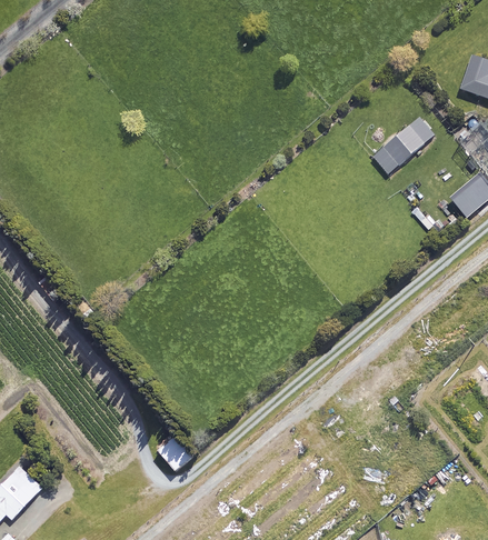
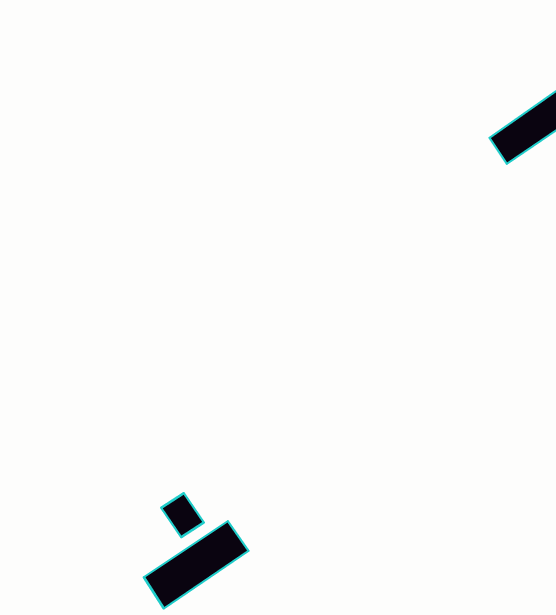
building: none -> [144,521,249,609]

